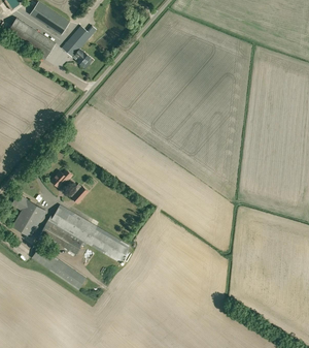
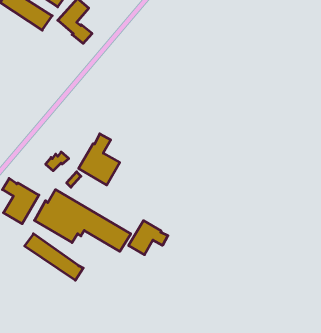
building: none -> [79,134,120,185]
building: none -> [129,221,168,255]

